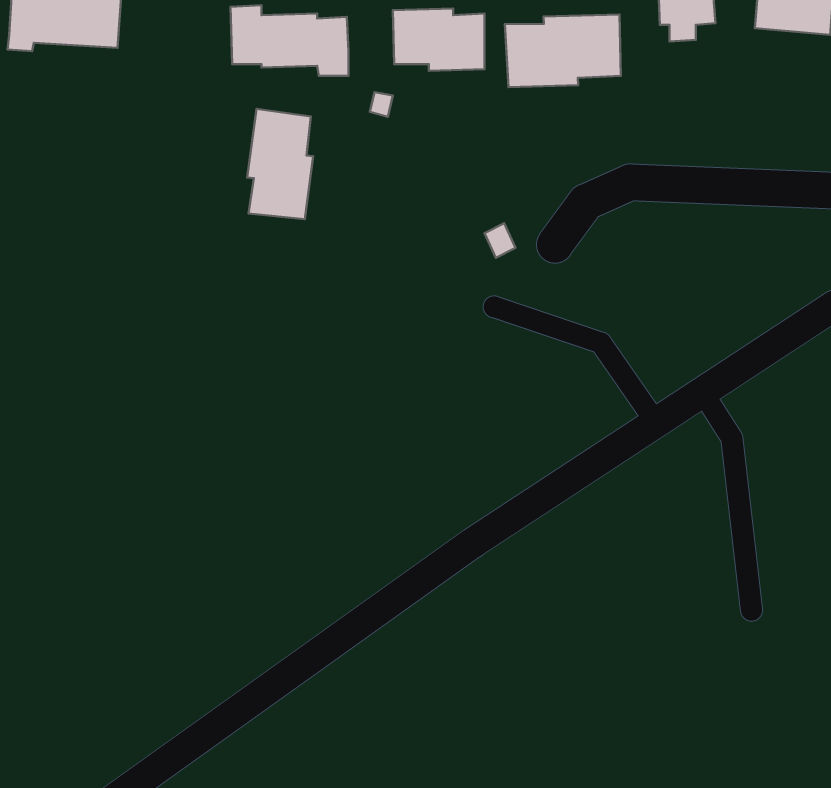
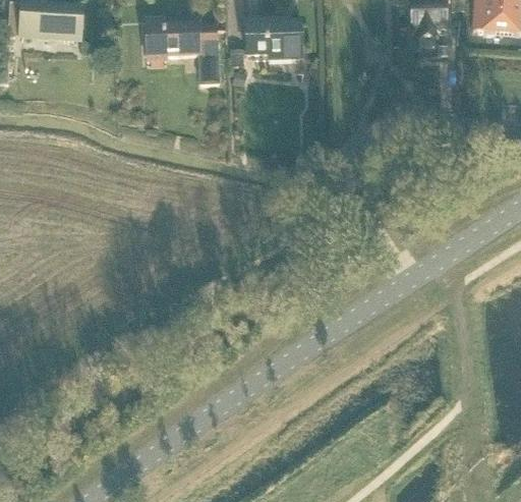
building: [505,15,621,87] -> none
building: [247,109,313,219] -> none

